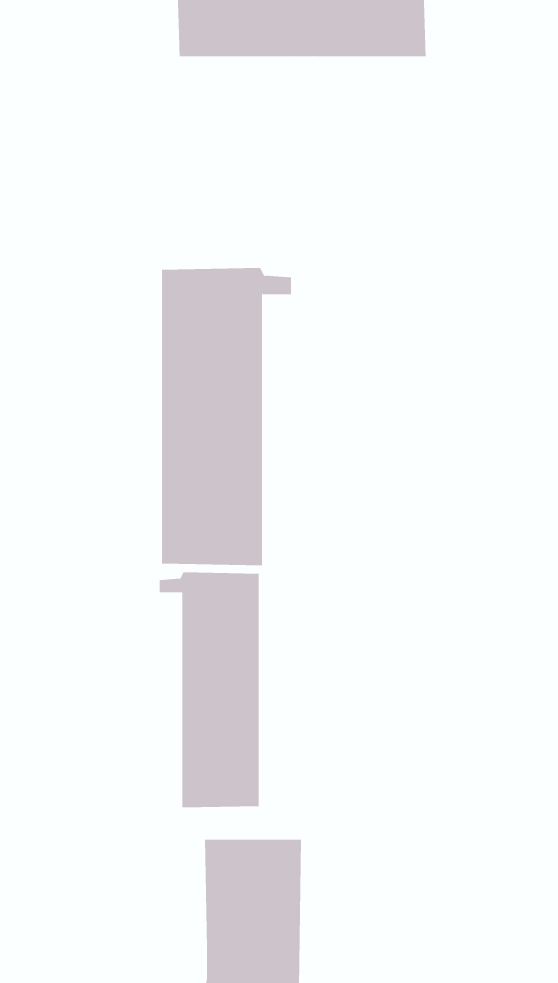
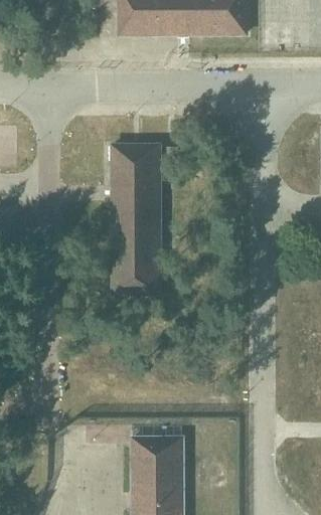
building: [159,572,259,808] -> none

